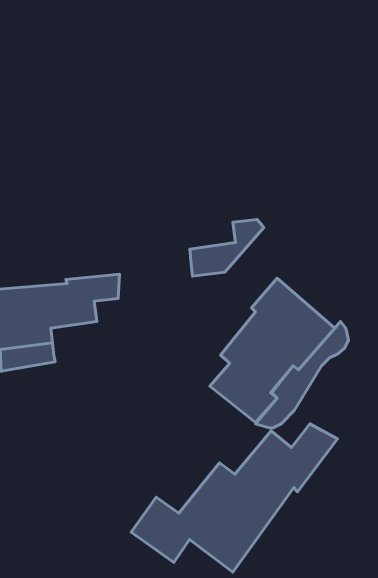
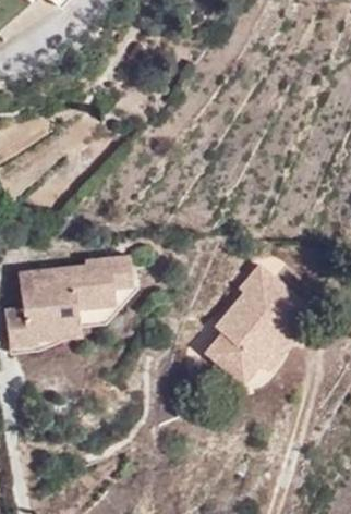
building: [190,220,264,276] -> [74,281,134,327]
building: [131,424,337,572] -> none

